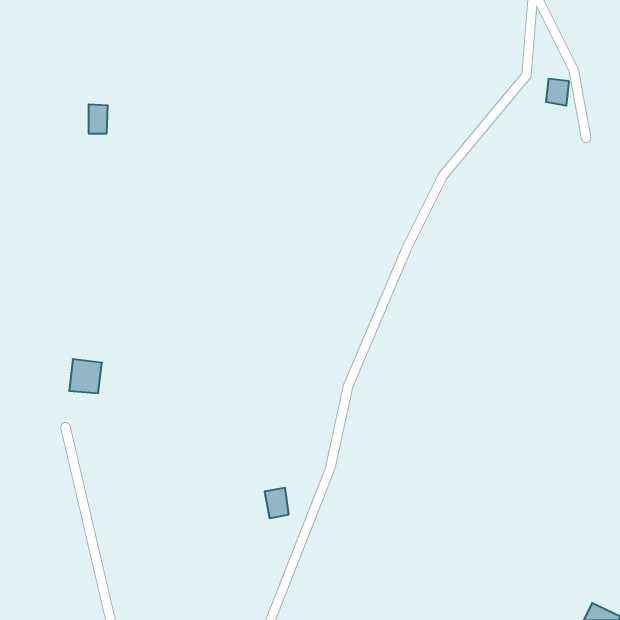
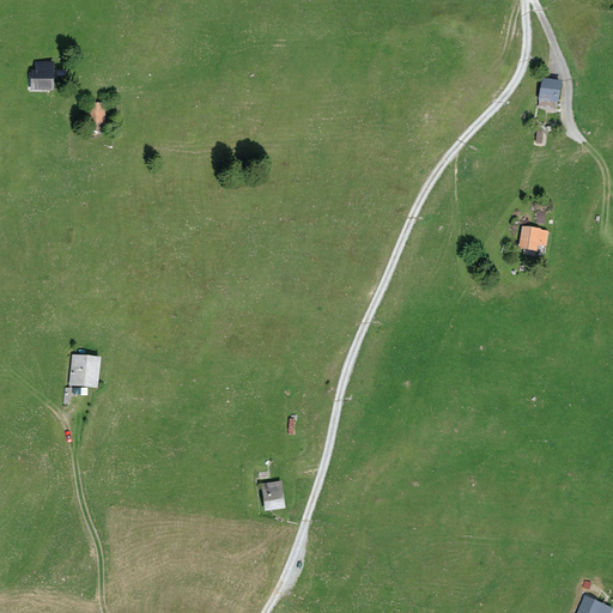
building: none -> [31,62,54,91]
building: none -> [518,226,550,251]

